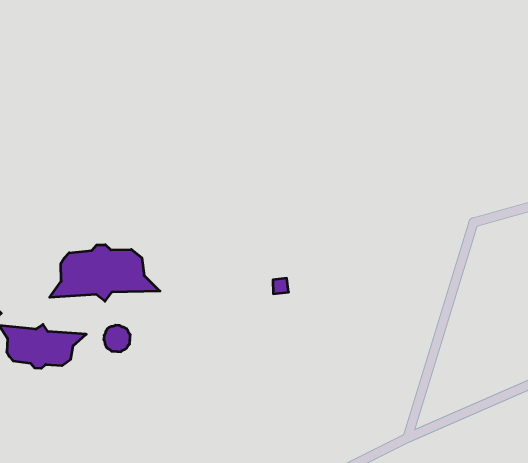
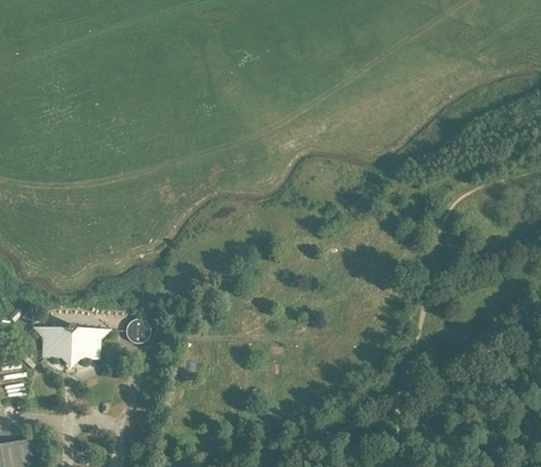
building: [50,245,160,301] -> none

